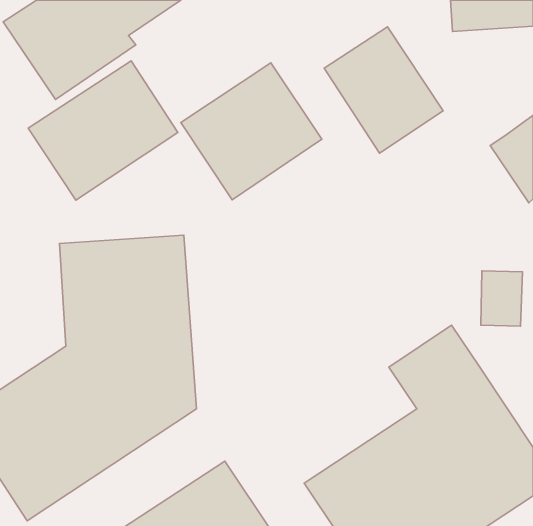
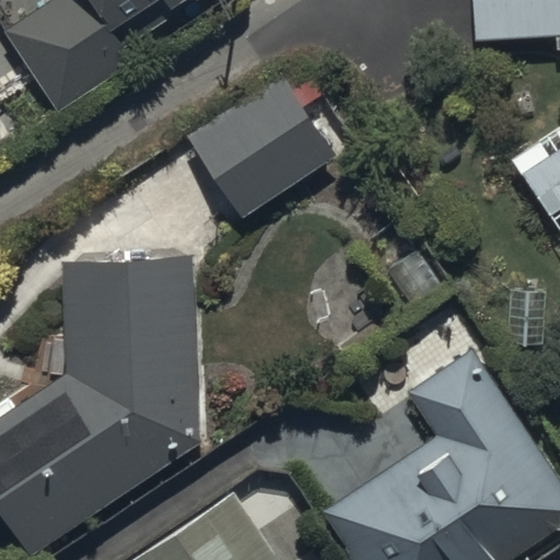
building: [324,27,443,153] -> none
building: [28,61,178,200] -> none

